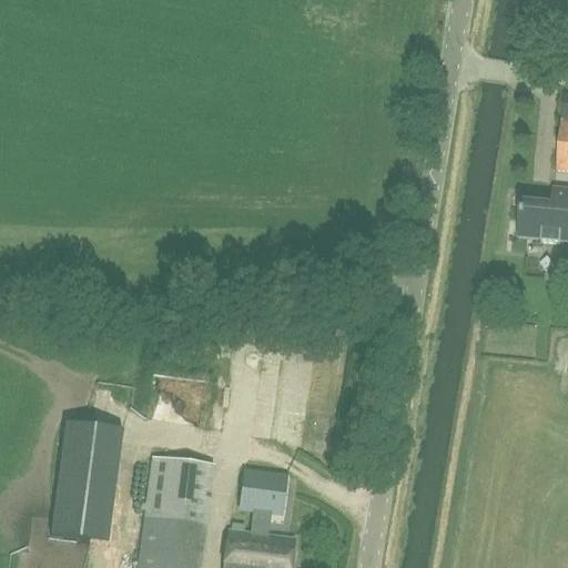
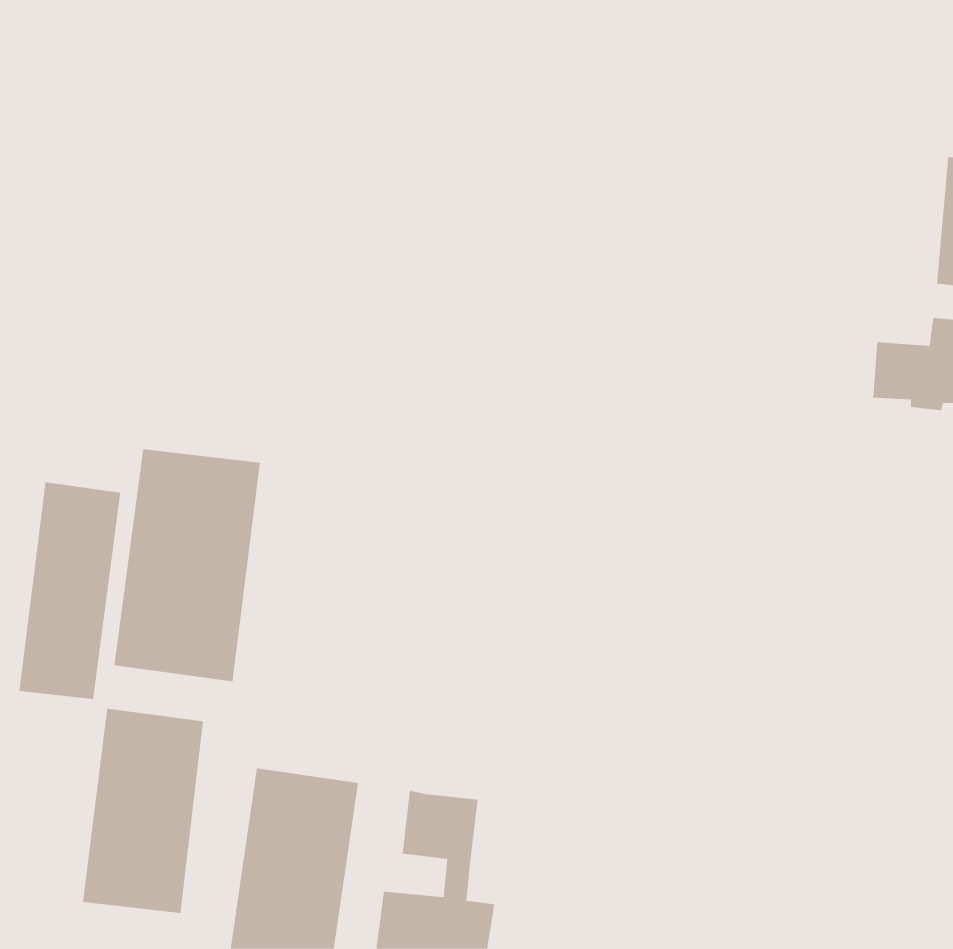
building: none -> [114,449,260,682]
building: none -> [19,481,121,700]

